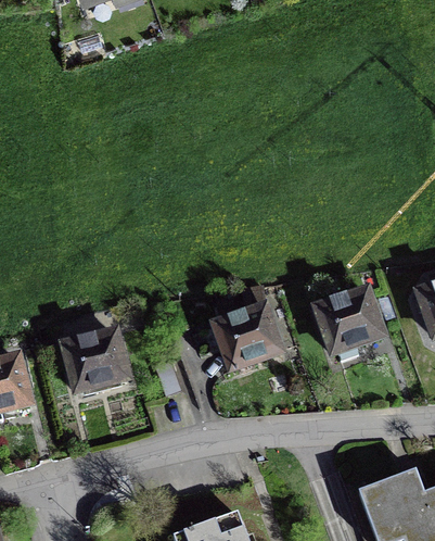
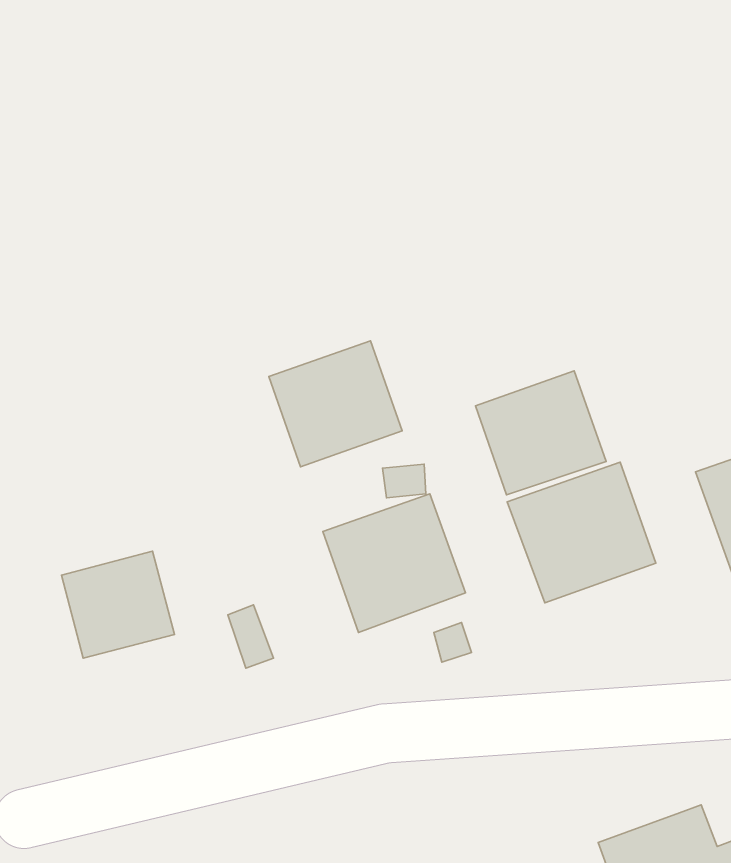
building: none -> [269,341,402,467]
building: none -> [476,371,606,495]

